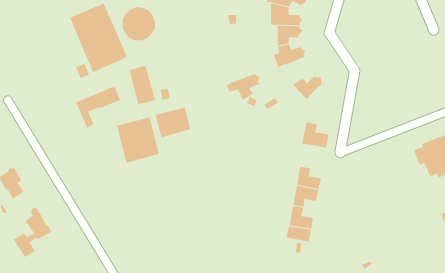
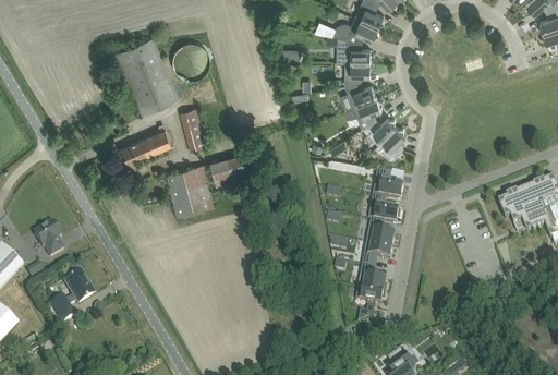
building: [226,74,261,101] -> [344,96,384,126]
building: none -> [377,125,407,157]
building: none -> [368,193,399,222]

